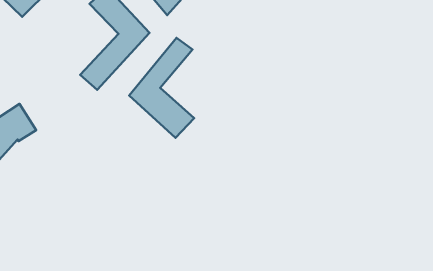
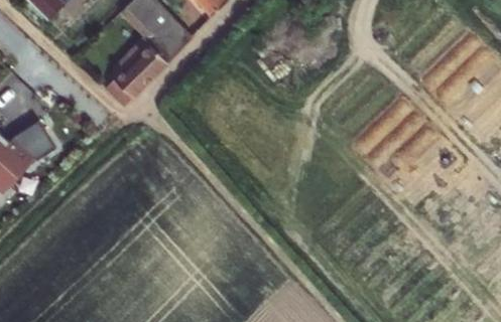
building: [129,38,194,138] -> none

